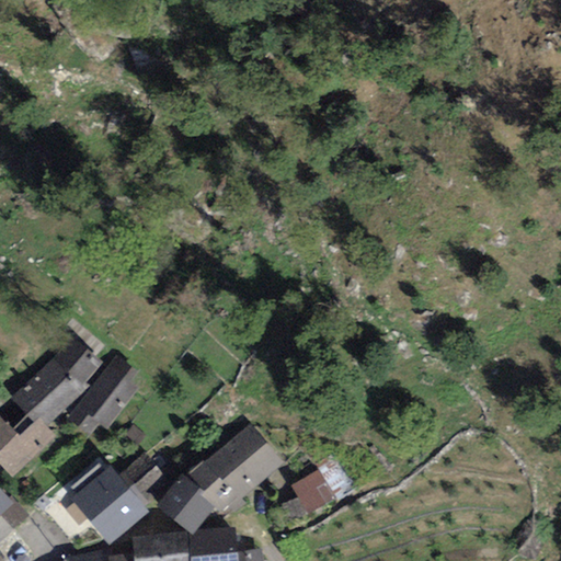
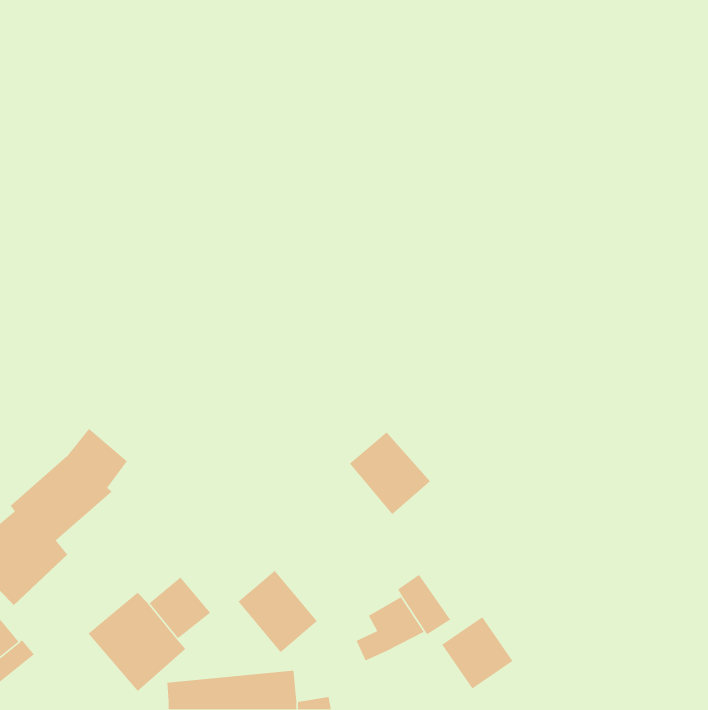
building: [66,357,135,436] -> none
building: [217,424,282,490] -> [349,432,431,515]
building: [156,478,214,533] -> none
building: none -> [441,616,514,689]

